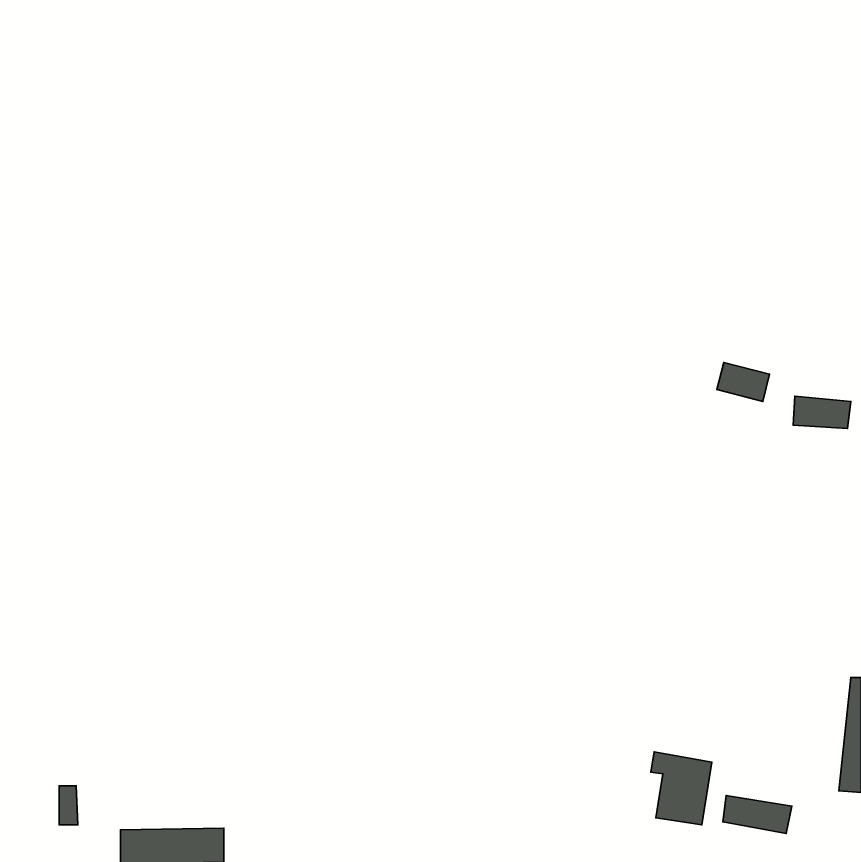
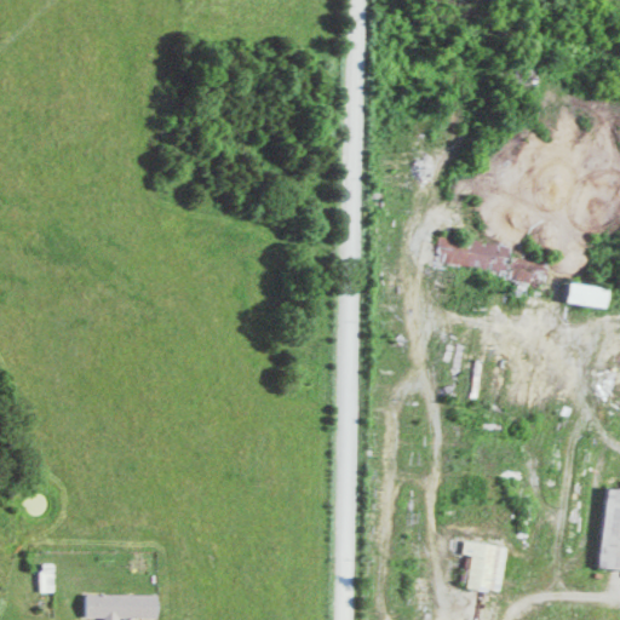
building: none -> [440,237,512,272]
building: [723,795,792,834] -> none

